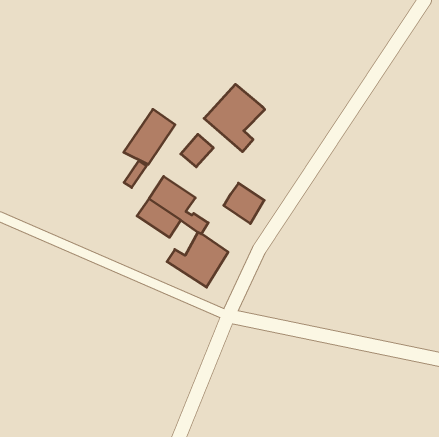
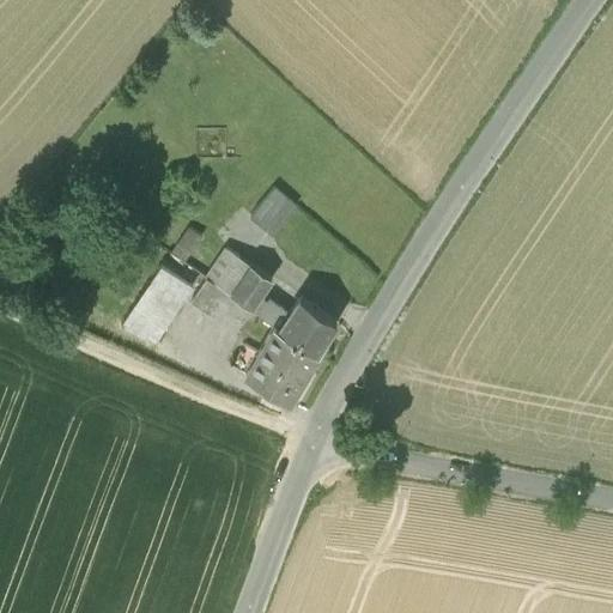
building: [204,84,265,152] -> none
building: [124,109,175,164] -> [122,267,194,344]
building: [224,183,264,224] -> [281,298,338,354]

